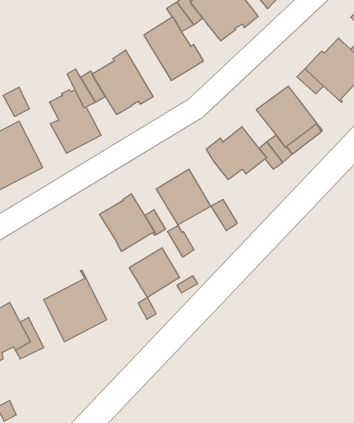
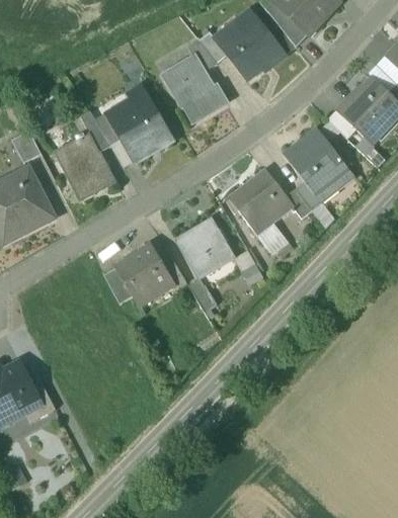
building: none -> [103,266,133,304]
building: [129,248,180,298] -> none
building: [44,270,107,342] -> none

